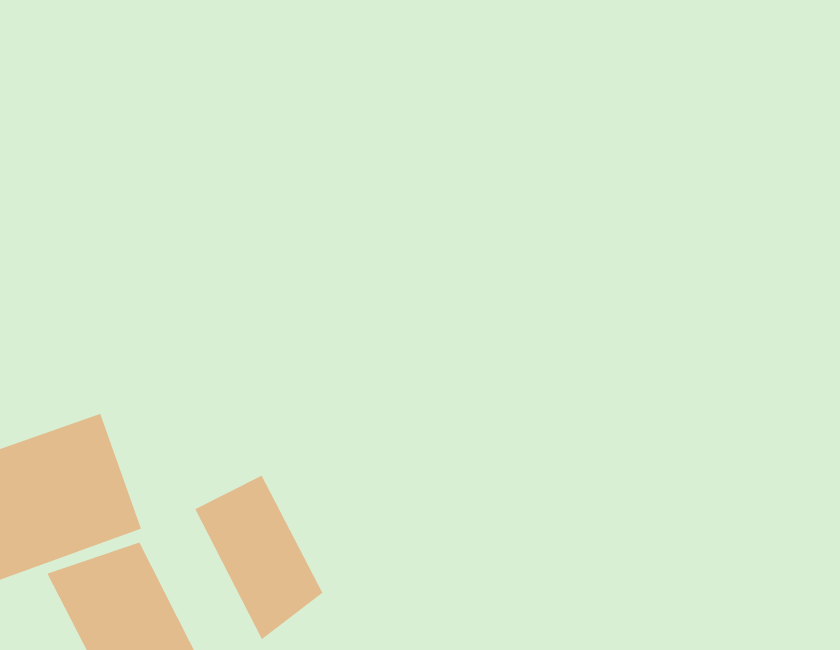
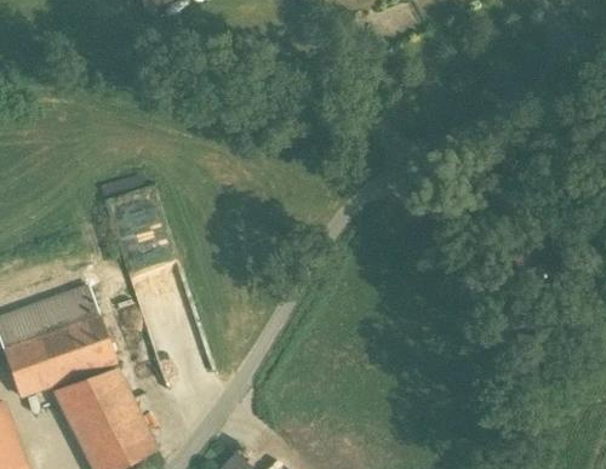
building: [194,475,323,640] -> none

